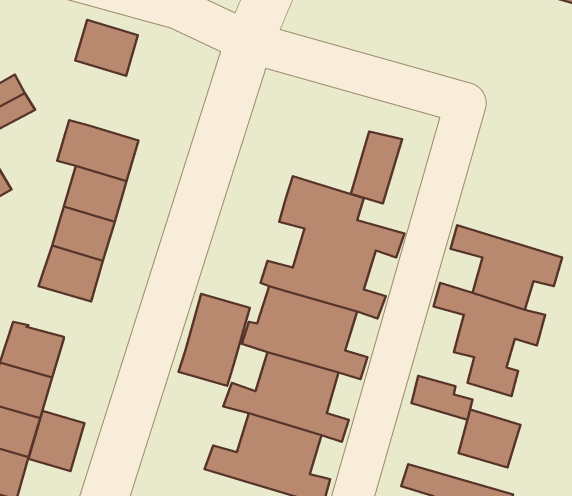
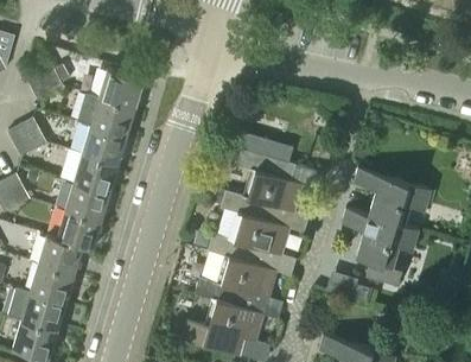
building: [75,20,138,76] -> [100,68,144,107]
building: [351,131,402,204] -> none
building: none -> [57,209,102,249]
building: [179,294,250,386] -> none
building: [458,409,521,468] -> none
building: [28,411,84,471] -> none

